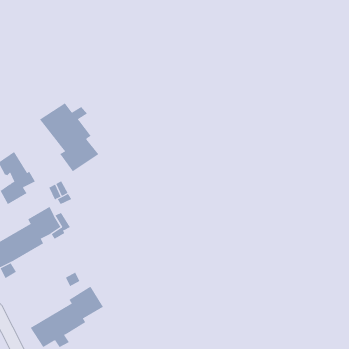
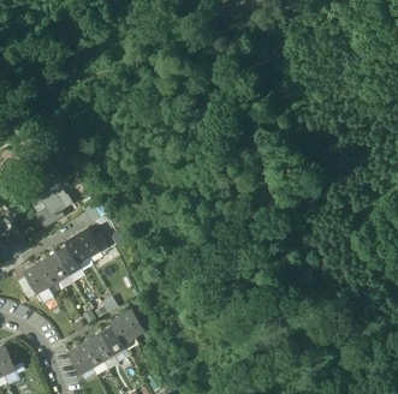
building: [39,103,99,172] -> none

